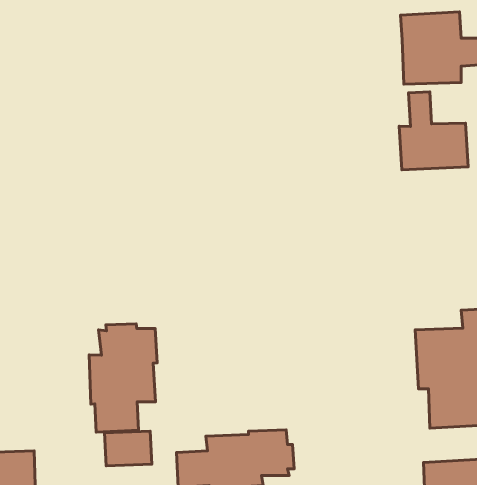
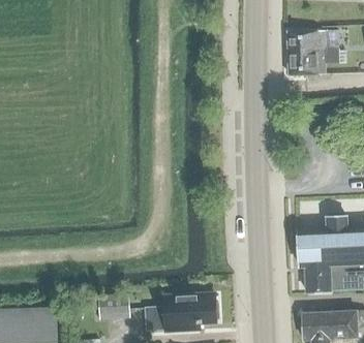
building: [399,92,468,170] -> none
building: [89,324,157,432] -> none

